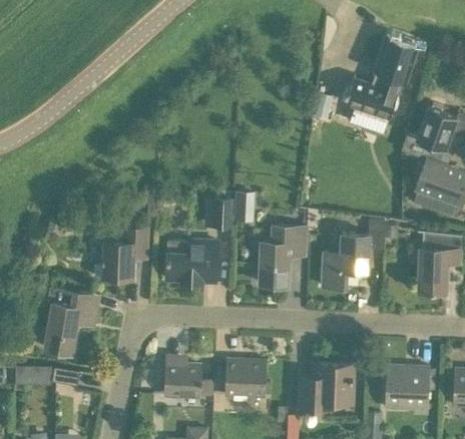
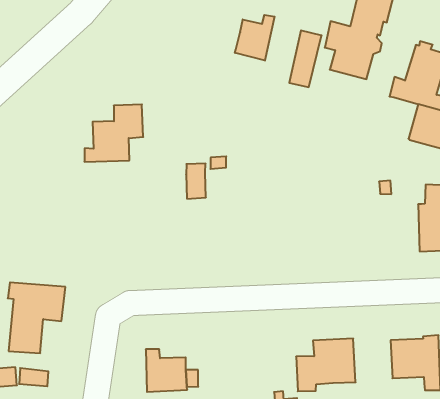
building: none -> [235,15,275,61]
building: [322,220,385,288] -> none
building: [260,226,307,285] -> none
building: [94,231,149,281] -> [84,104,143,162]
building: [165,242,217,284] -> none
building: [224,359,267,402] -> none

